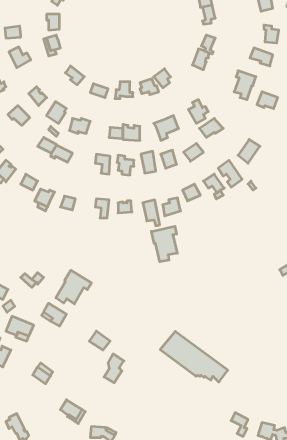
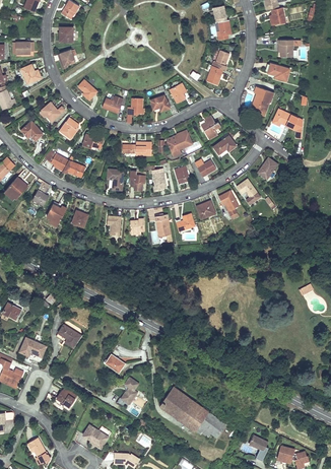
building: [151,226,177,262] -> none
building: [56,270,91,304] -> none
building: [160,331,228,382] -> [156,386,225,438]

